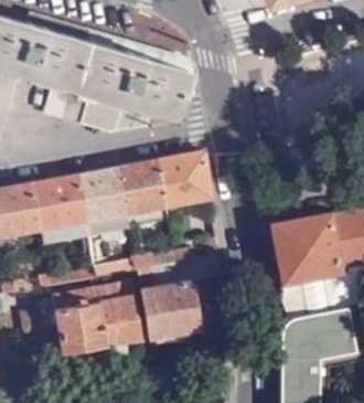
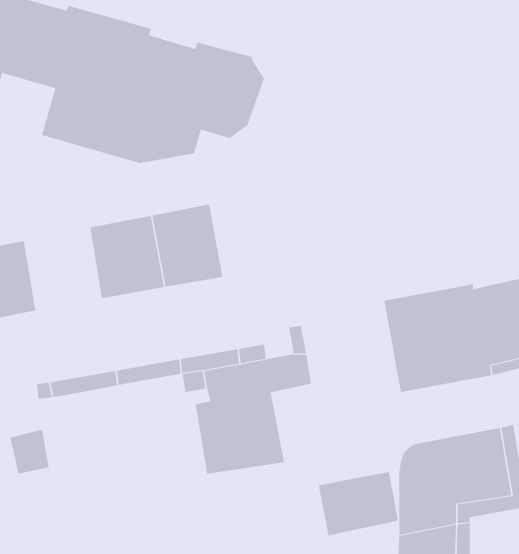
building: [154,150,210,208] -> none
building: [32,174,83,230] -> none
building: [54,280,143,352] -> none
building: none -> [318,471,399,536]

